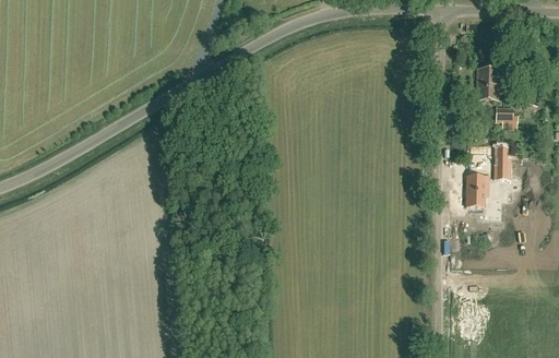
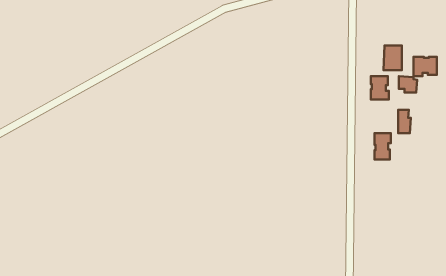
building: none -> [414,57,437,76]
building: none -> [371,76,389,100]

